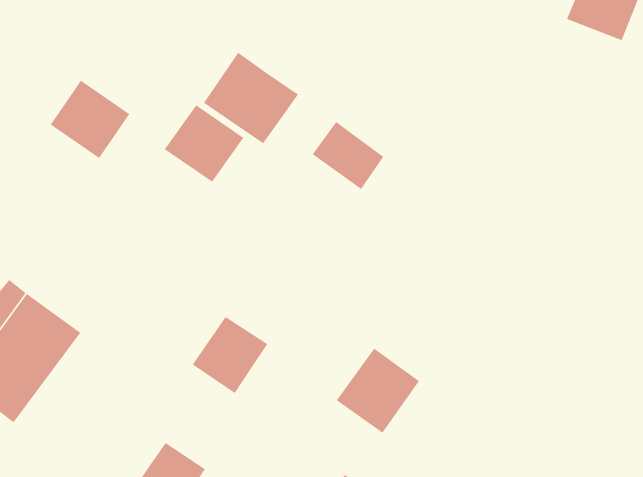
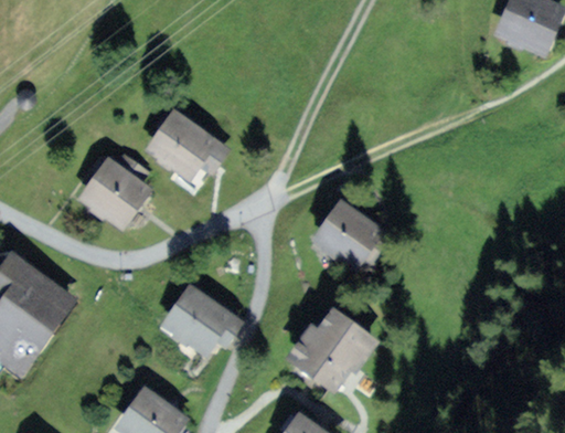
building: [203,52,299,144] -> none
building: [50,80,130,159] -> [83,156,152,224]
building: [312,121,384,190] -> [319,212,382,272]

